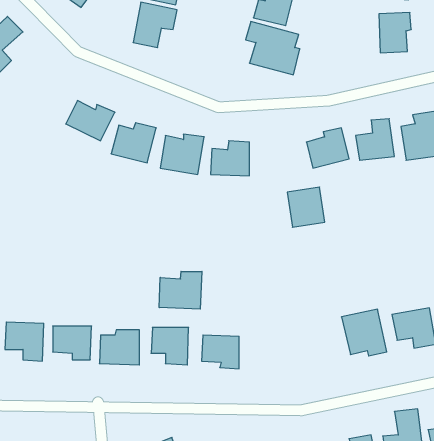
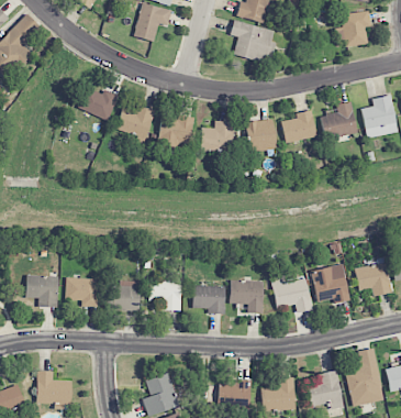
building: [287,187,325,227] -> [245,119,277,153]
building: [159,271,202,309] -> none
building: none -> [270,276,312,314]
building: none -> [230,280,264,314]

